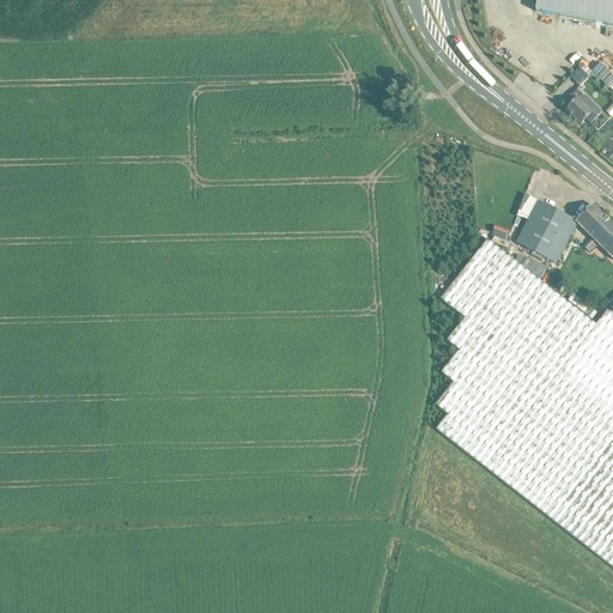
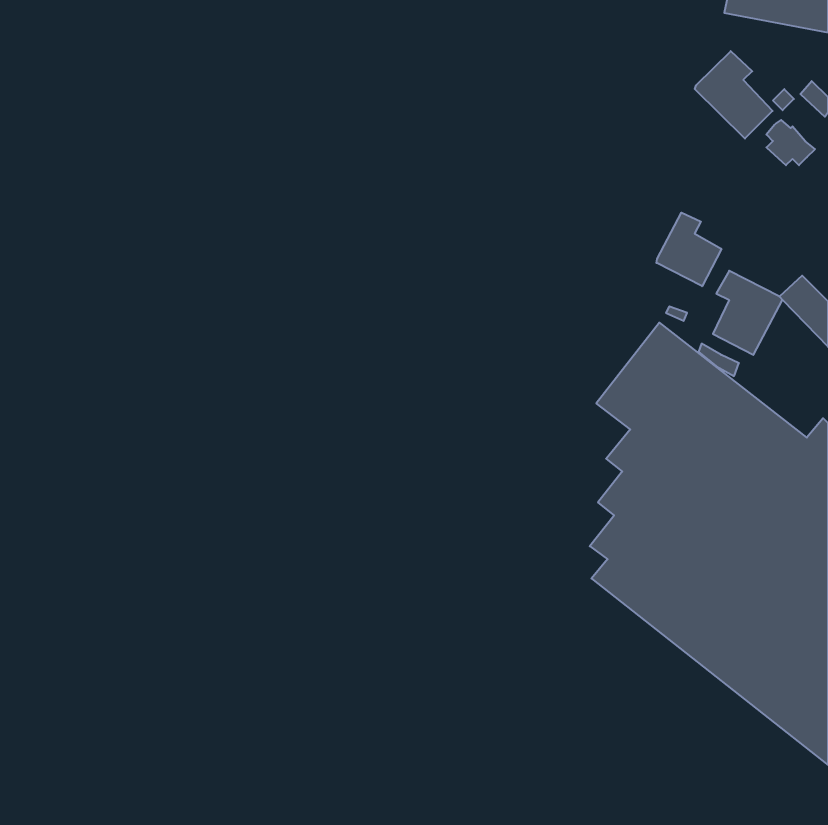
building: none -> [695,51,773,139]
building: none -> [656,213,721,286]

